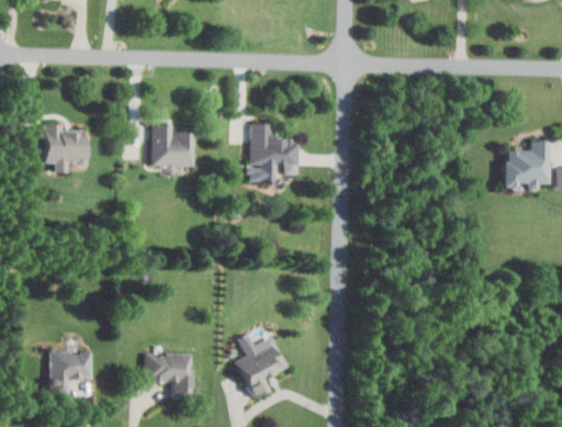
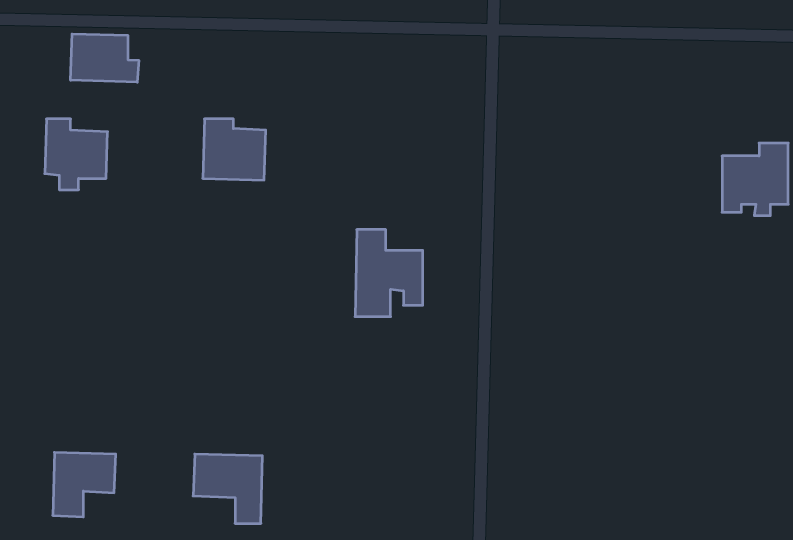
building: none -> [71,34,139,82]
building: [250,123,296,182] -> [355,230,423,317]
building: [236,332,288,398] -> none

